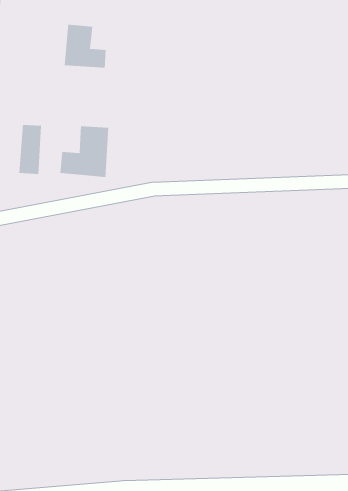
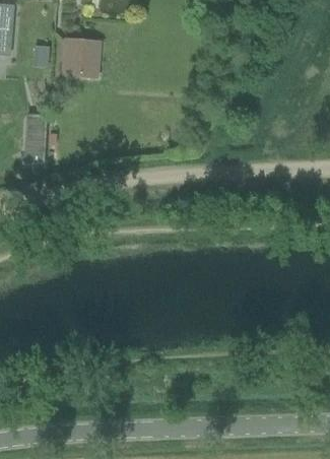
building: [60,126,109,178] -> none

